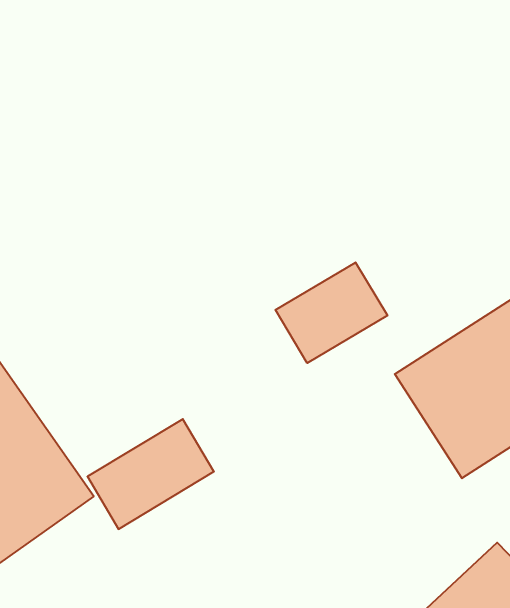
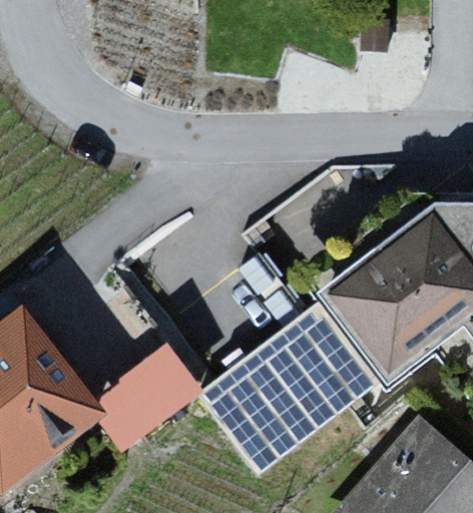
building: [275,262,387,363] -> none
building: none -> [211,316,368,462]

